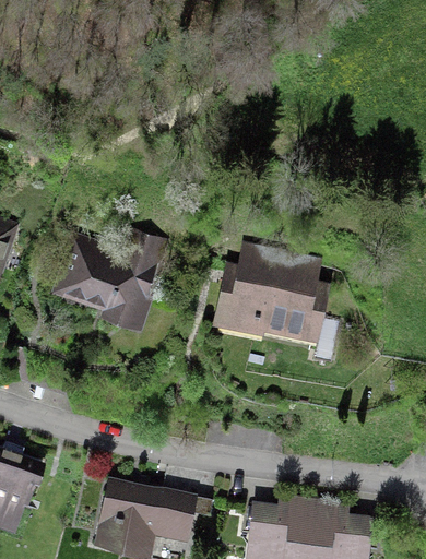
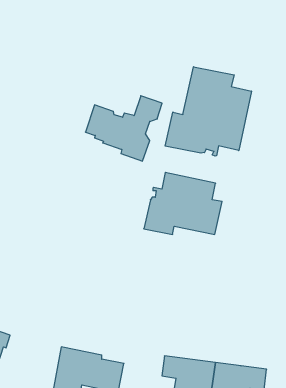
building: none -> [165,67,251,156]
building: [62,240,164,326] -> [85,96,162,161]

